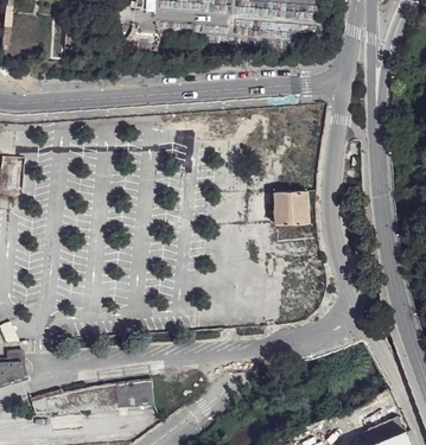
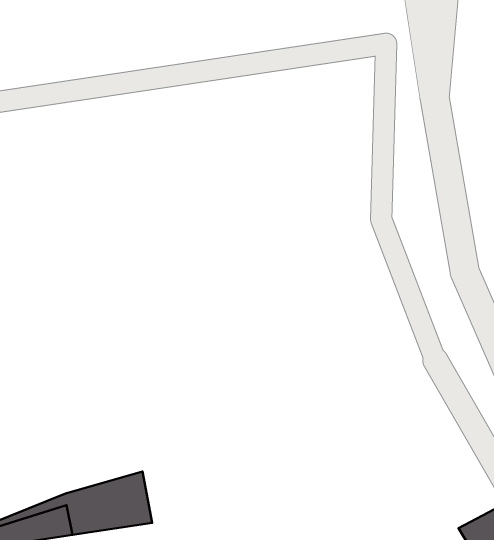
building: [274,192,307,227] -> none

